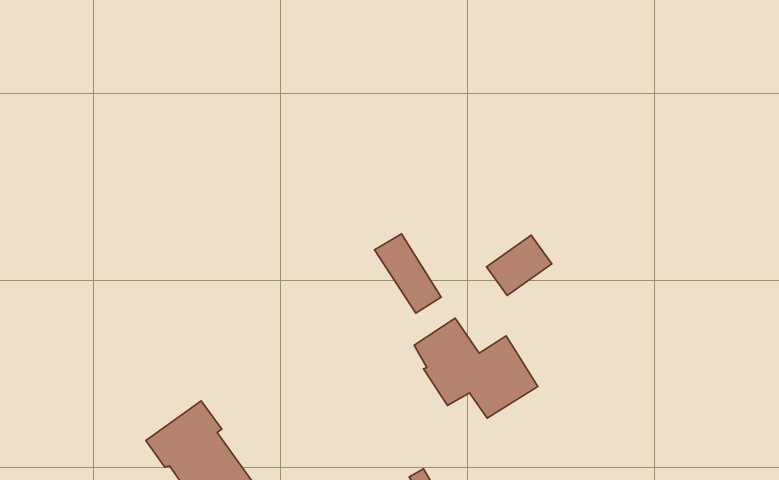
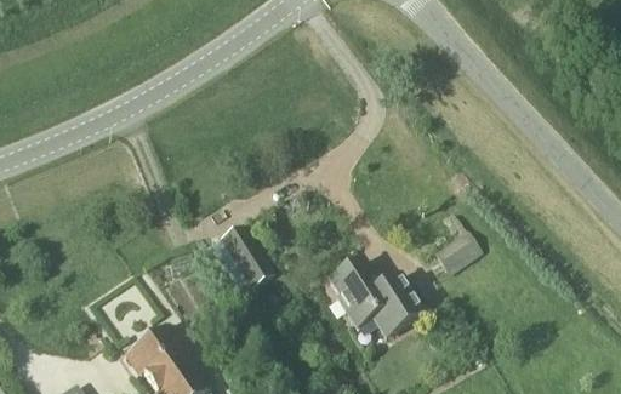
building: [374,234,441,313] -> [220,225,270,286]
building: [487,235,552,295] -> [432,230,482,276]

